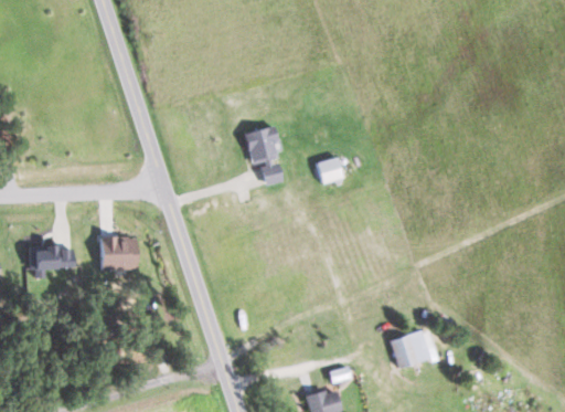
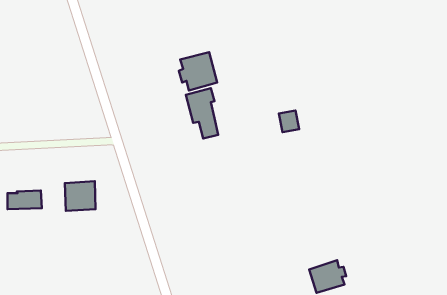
building: none -> [179,52,217,91]
building: [319,157,343,182] -> [279,111,299,132]

